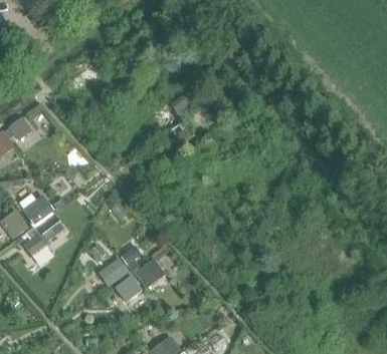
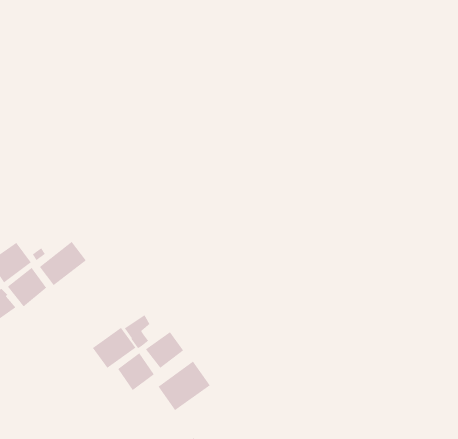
building: none -> [39,241,87,286]
building: none -> [158,361,211,411]

